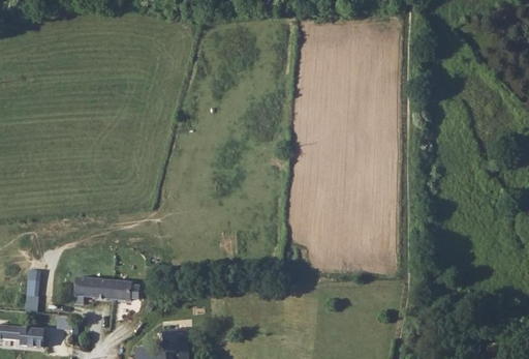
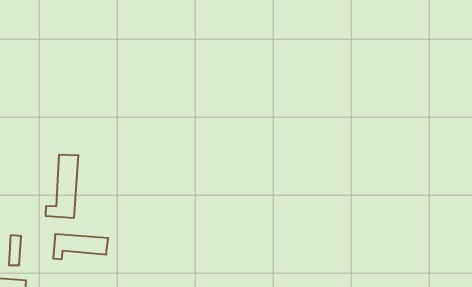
building: none -> [46,155,78,218]

